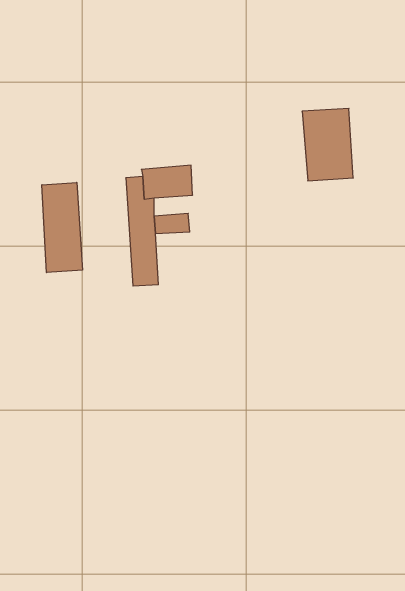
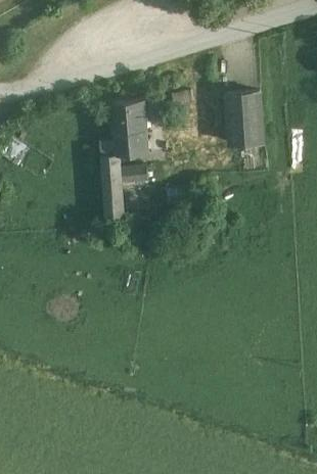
building: none -> [109,103,147,137]
building: [42,182,82,273] -> none

